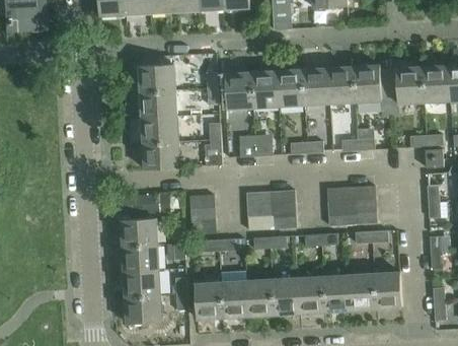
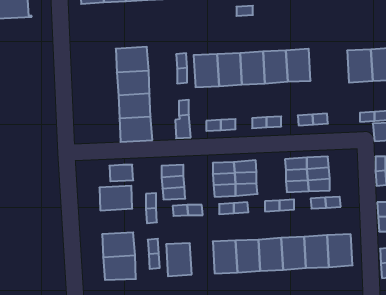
building: [353,65,381,101] -> none
building: [122,244,158,272] -> none
building: [221,280,248,317] -> none

